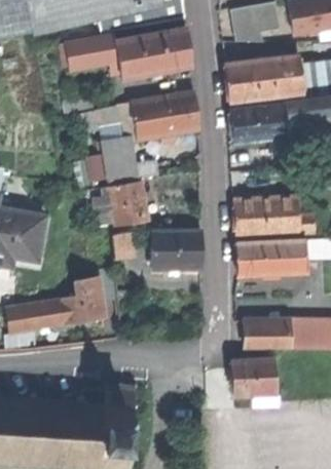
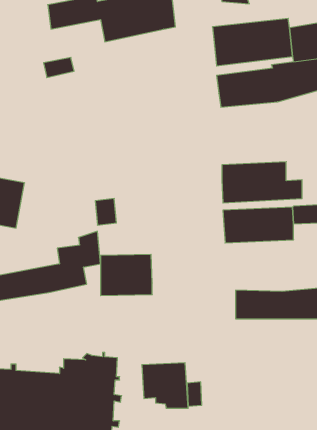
building: [119,90,198,140] -> none
building: [101,124,135,178] -> none
building: [94,181,148,229] -> none
building: [151,229,201,269] -> [101,254,152,296]
building: [231,358,277,402] -> [142,363,188,408]

